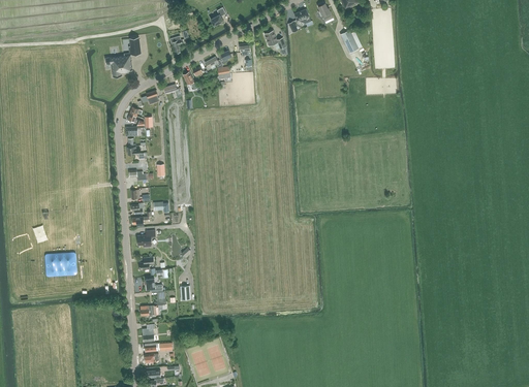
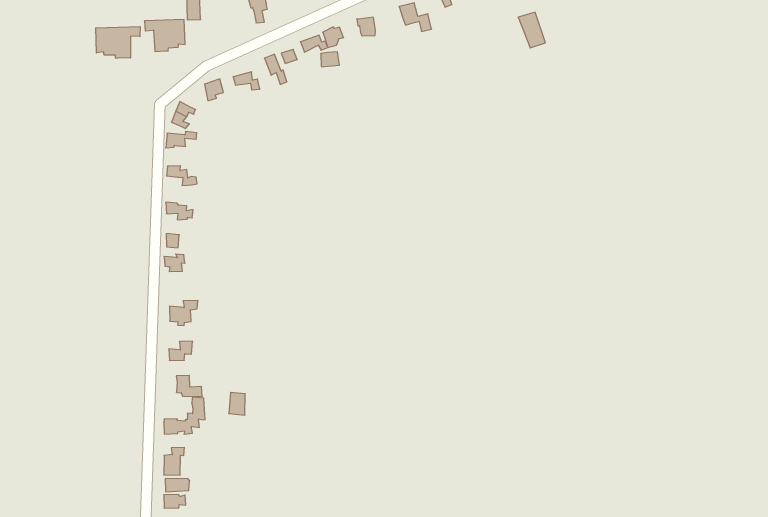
building: none -> [96,27,140,58]

